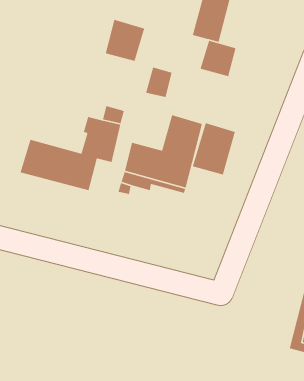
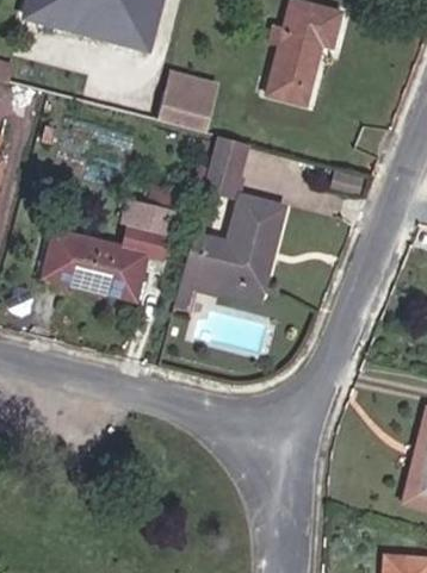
building: [200,40,237,77] -> none
building: [192,122,236,176] -> none

